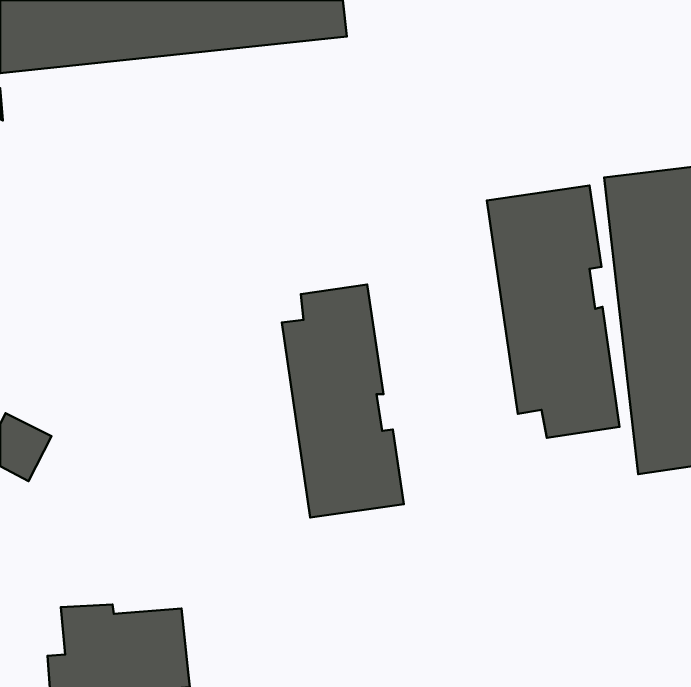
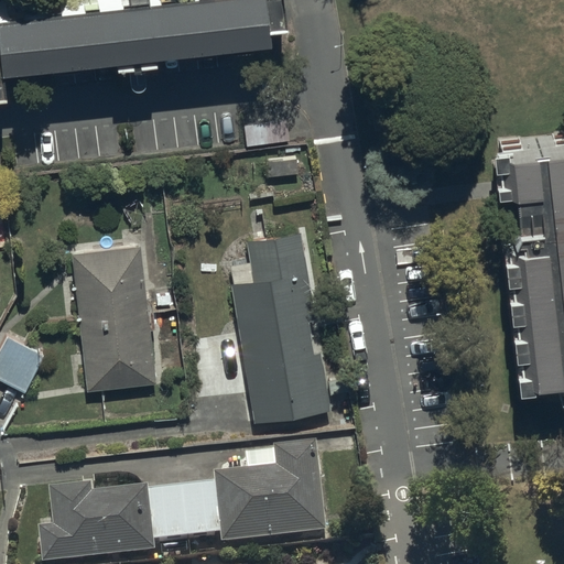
building: [487,185,620,438] -> none
building: none -> [74,246,154,394]
building: none -> [149,454,326,553]

